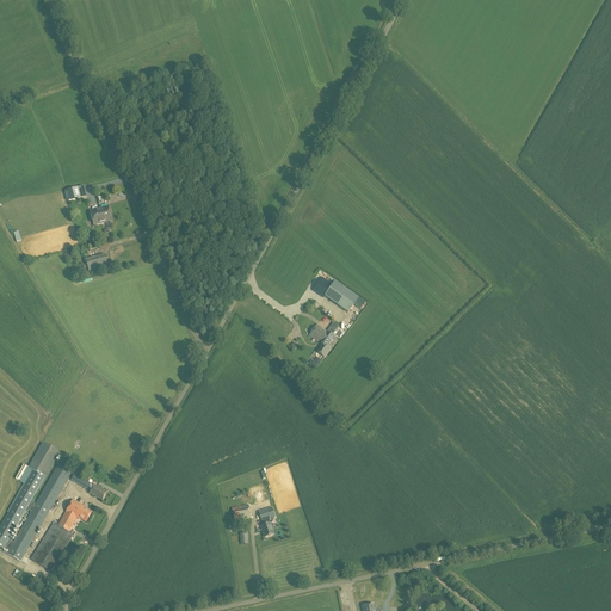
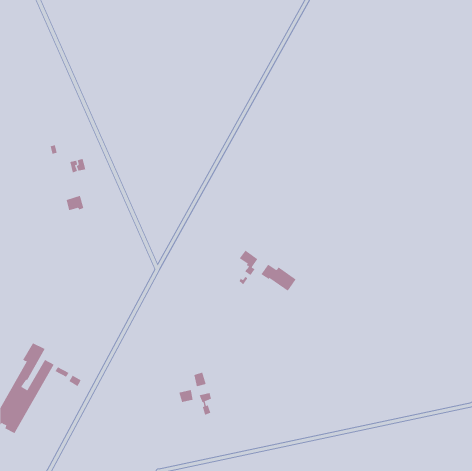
building: [311,276,358,311] -> [260,264,297,292]
building: [30,498,91,569] -> none

